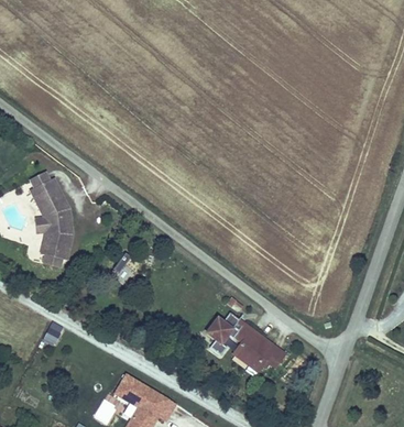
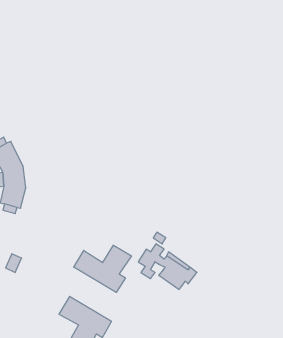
building: none -> [74,245,132,292]

